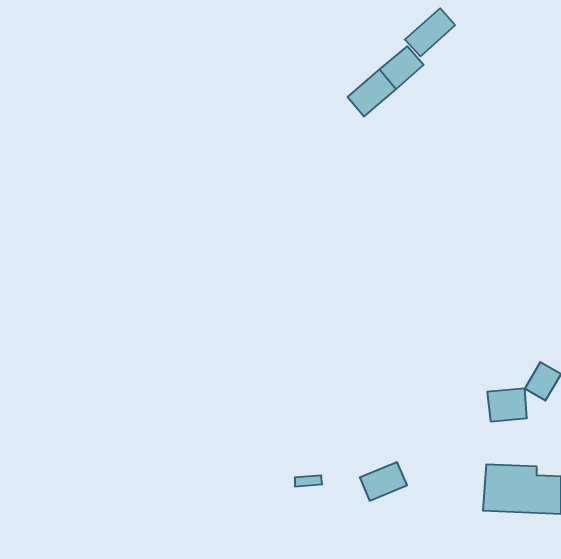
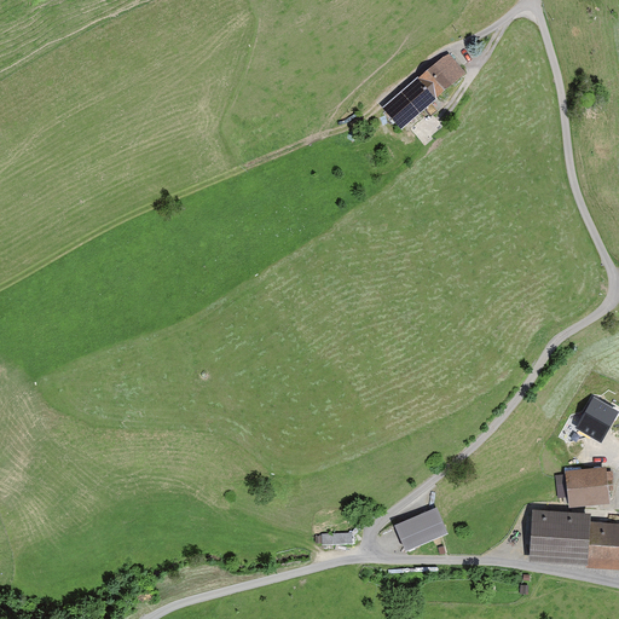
building: [405,8,455,56] -> none
building: [487,388,527,421] -> [566,467,609,503]

